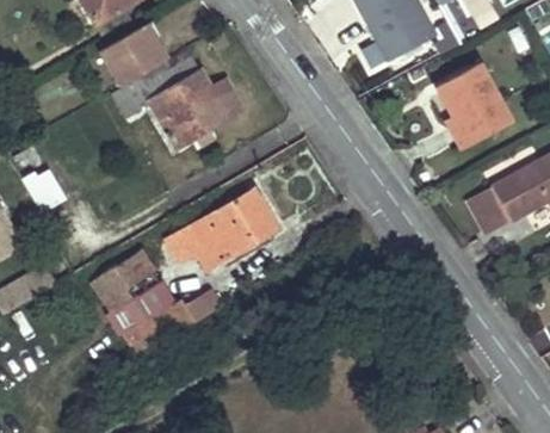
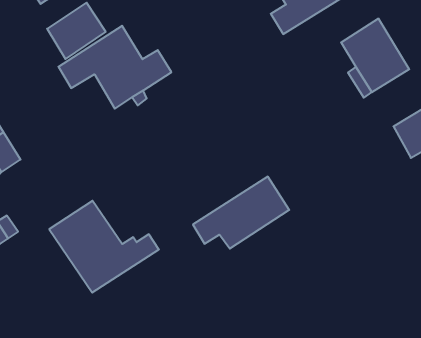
building: [468,184,509,233] -> none
building: [165,191,276,271] -> [193,177,289,249]

